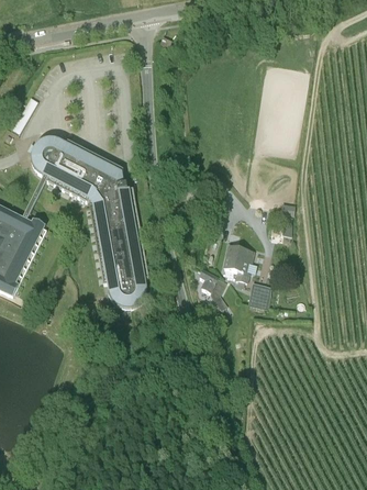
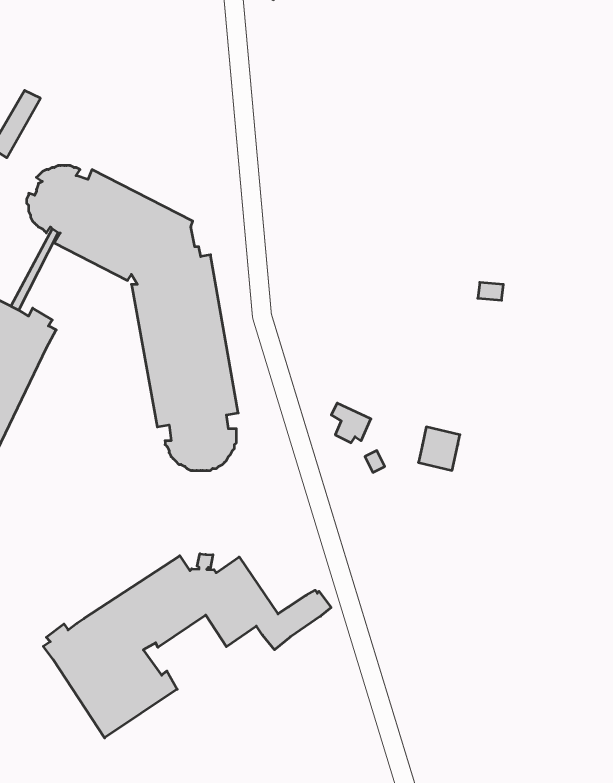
building: [223,244,253,281] -> none
building: none -> [43,554,331,738]

